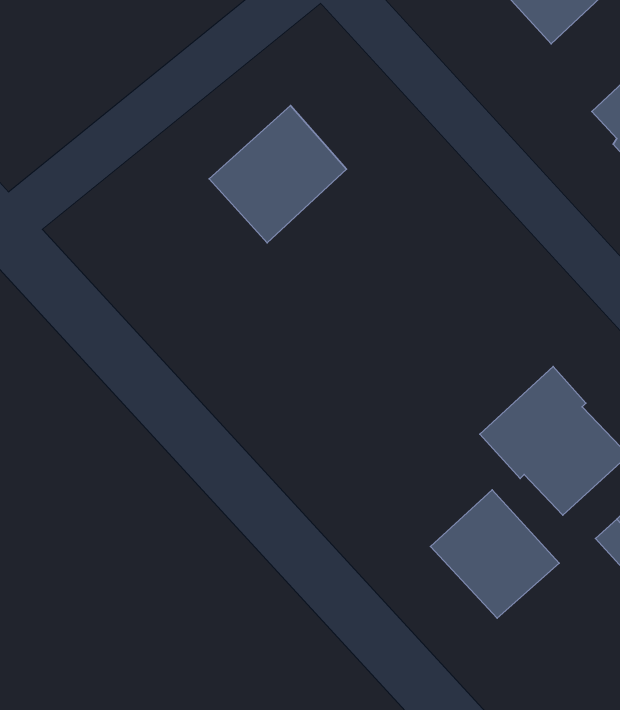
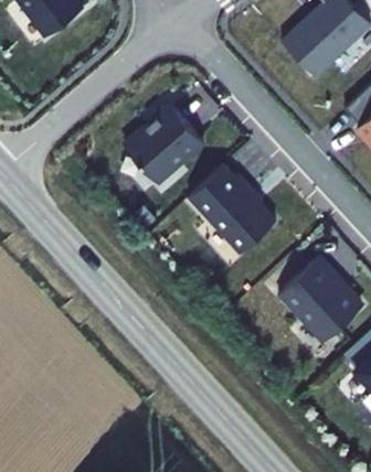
building: none -> [189,165,275,254]
building: [430,490,559,618] -> none

